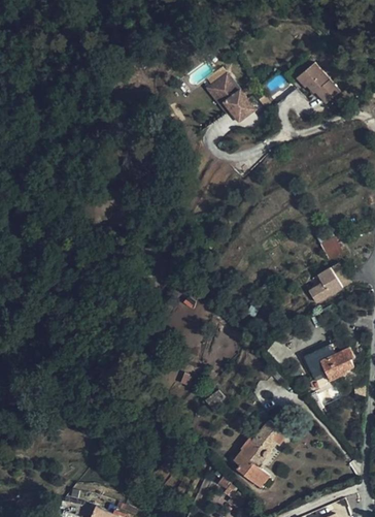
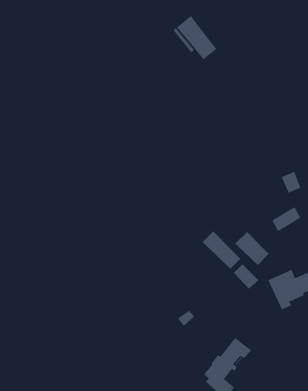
building: [294,56,335,98] -> none
building: none -> [202,231,241,270]
building: none -> [234,231,269,266]

